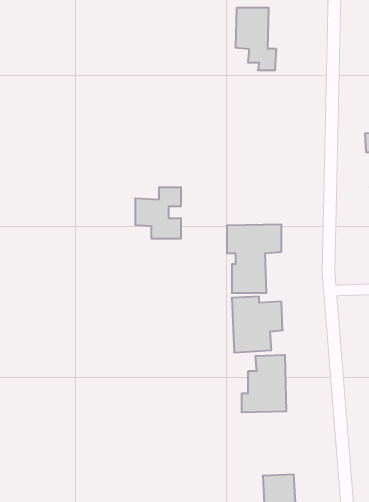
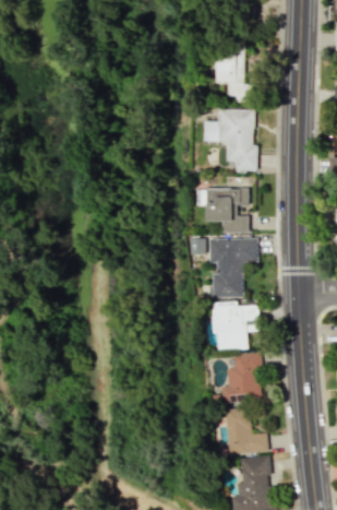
building: none -> [204,108,258,170]
building: [135,187,181,238] -> [208,188,249,233]
building: none -> [225,406,268,454]

